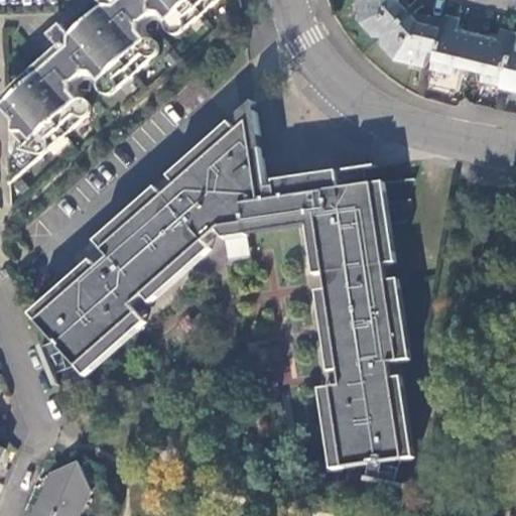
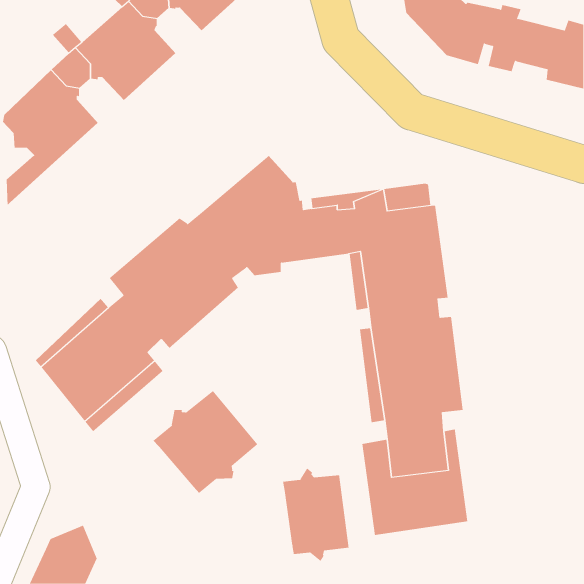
building: [167,104,258,184] -> none
building: none -> [153,390,258,494]
building: none -> [282,468,349,562]

